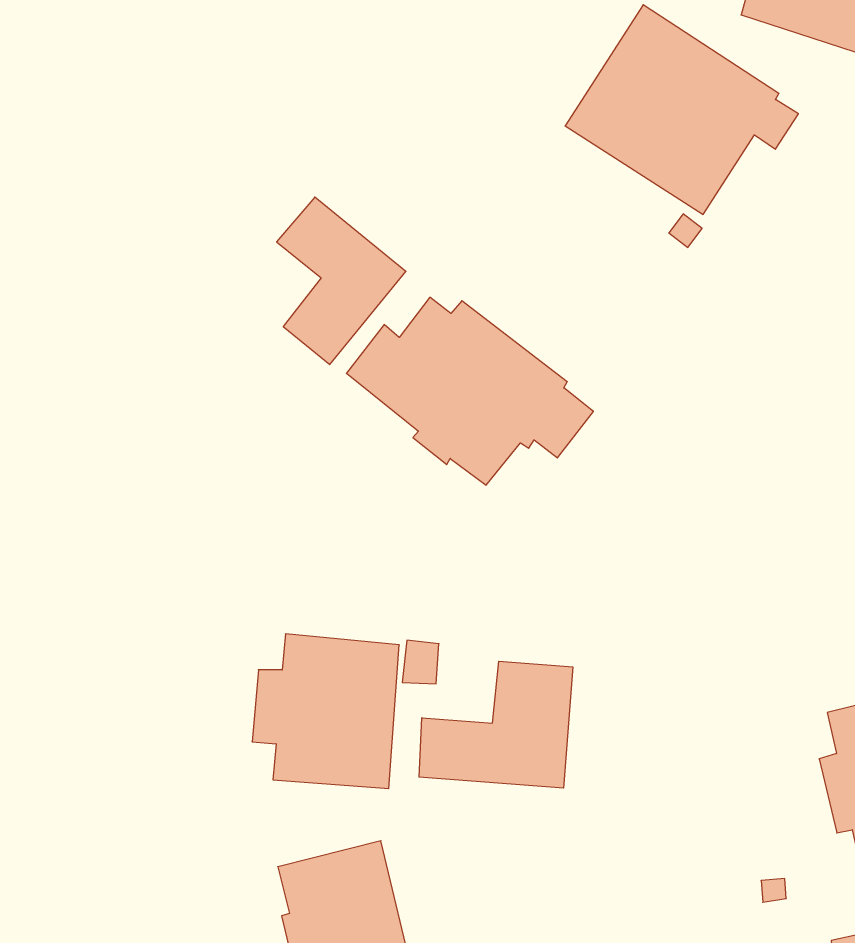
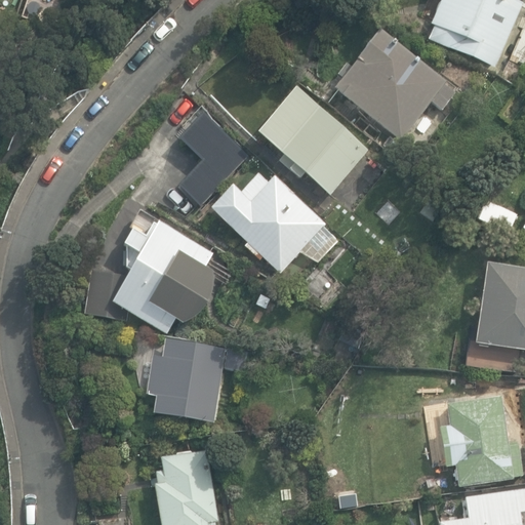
building: none -> [258,90,369,197]
building: none -> [87,224,218,336]
building: [419,661,573,788] -> none

